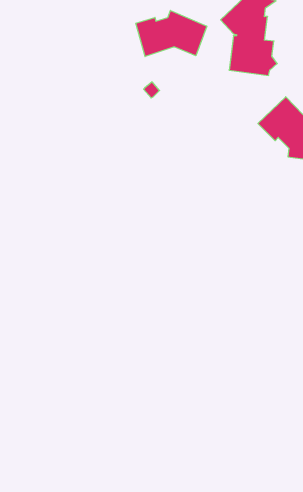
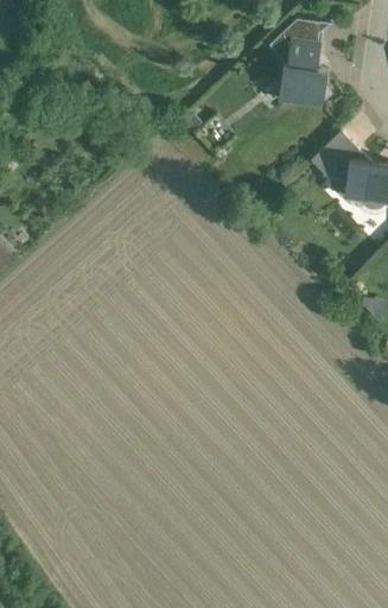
building: [136,10,207,57] -> none

